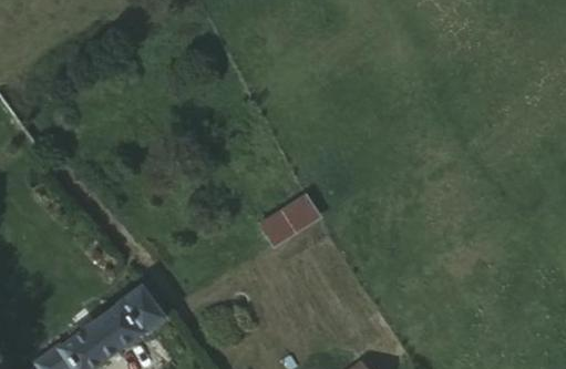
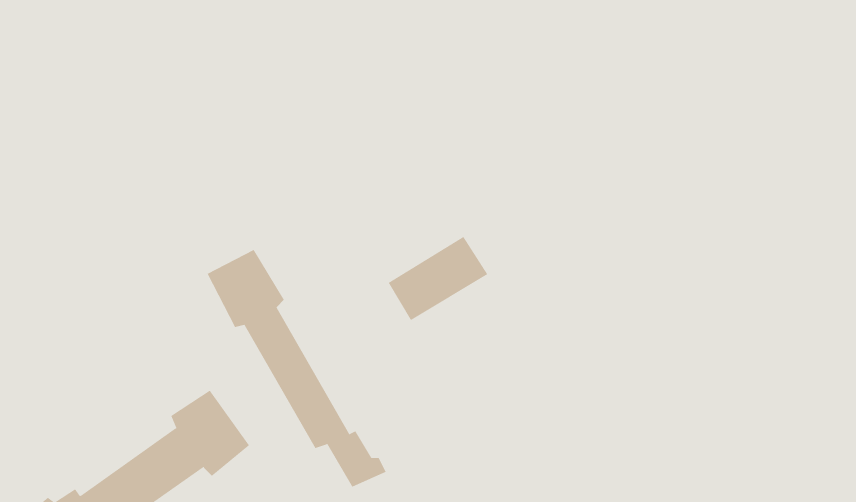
building: none -> [207,249,386,488]

